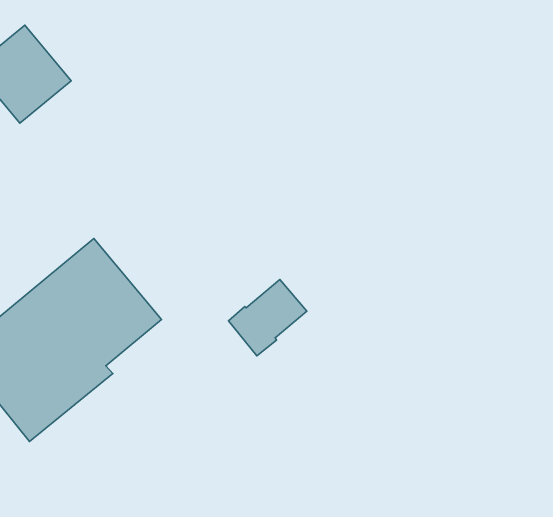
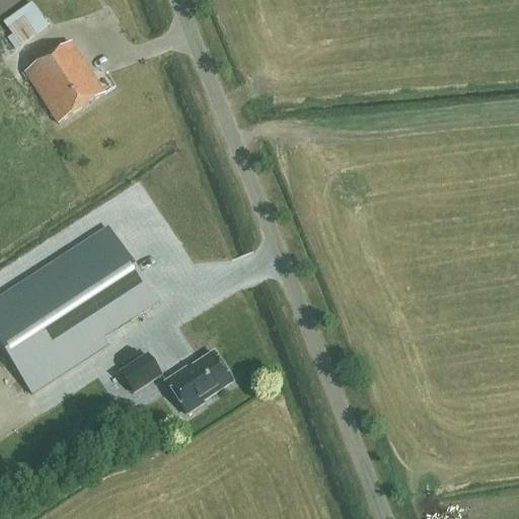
building: [228,279,307,356] -> [165,350,232,412]
building: none -> [118,351,161,392]

